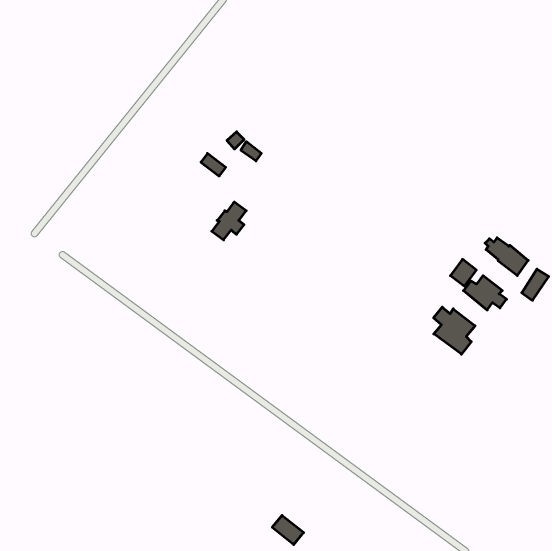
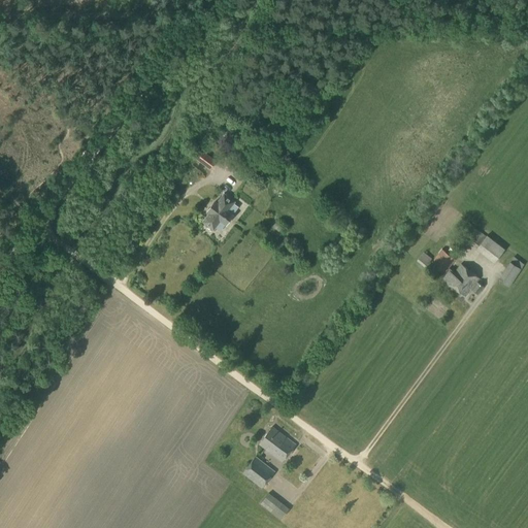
building: [434,307,475,354] -> none
building: none -> [259,426,296,461]
building: none -> [242,456,274,488]

